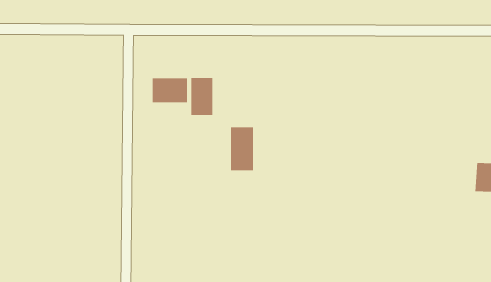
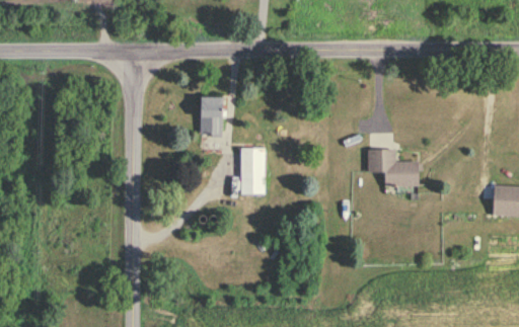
building: [152,78,188,103] -> none
building: none -> [369,149,420,186]

